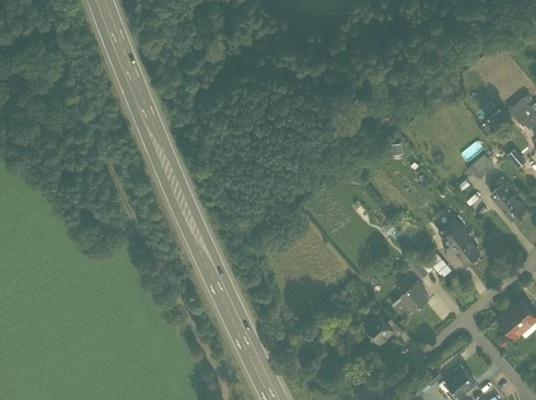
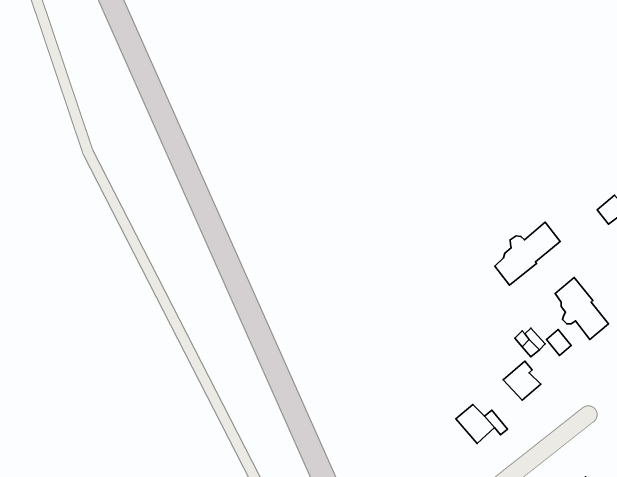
building: none -> [495,222,560,285]

